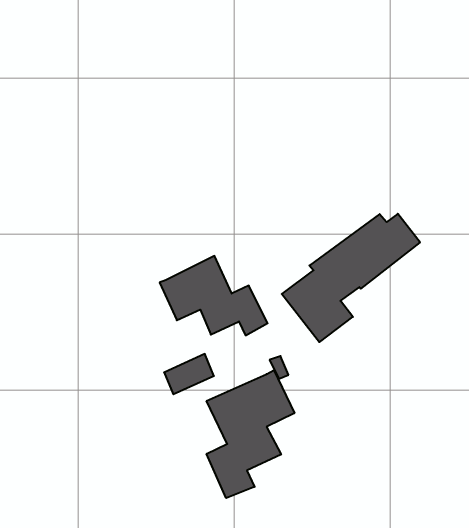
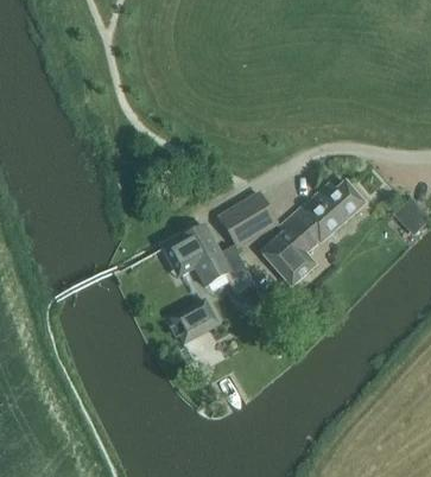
building: none -> [217,191,278,248]
building: [207,370,294,498] -> none

